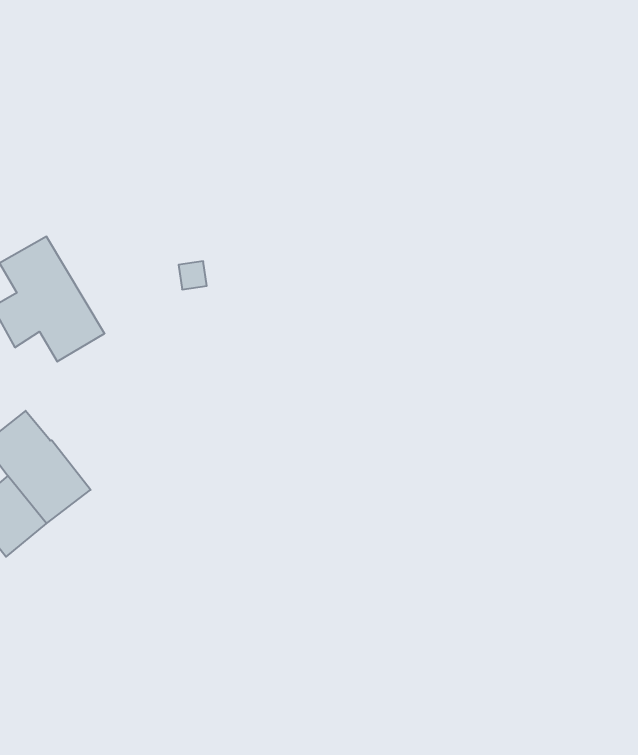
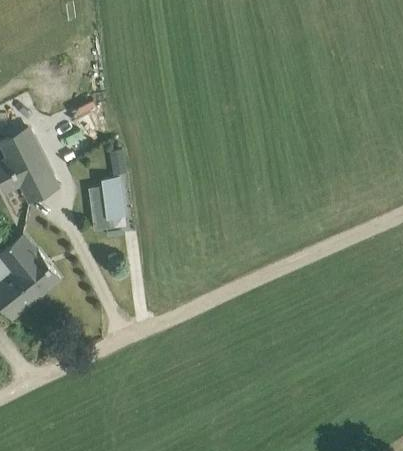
building: none -> [88,177,126,231]

